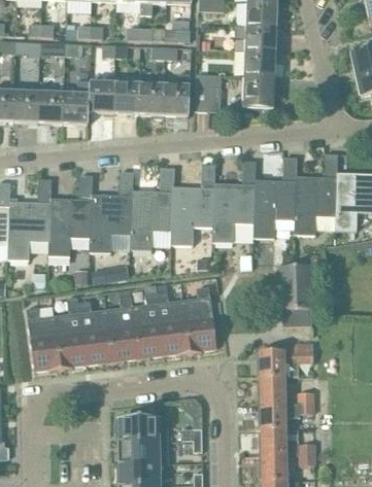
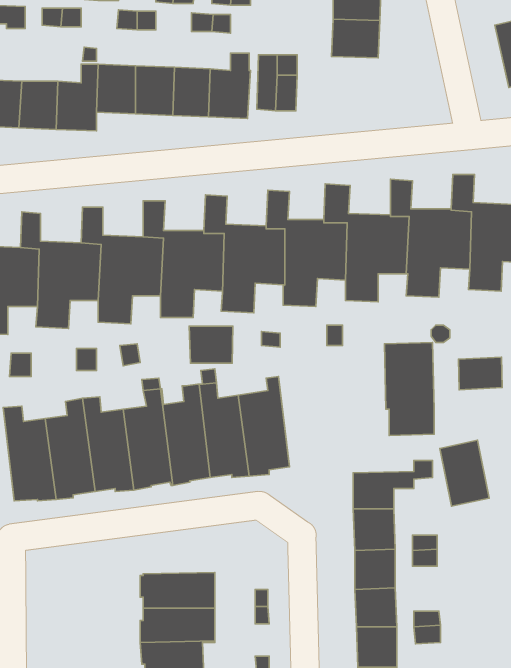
building: [241,75,274,109] -> none
building: none -> [189,326,233,363]
building: none -> [459,357,502,390]
building: none -> [440,440,489,506]

